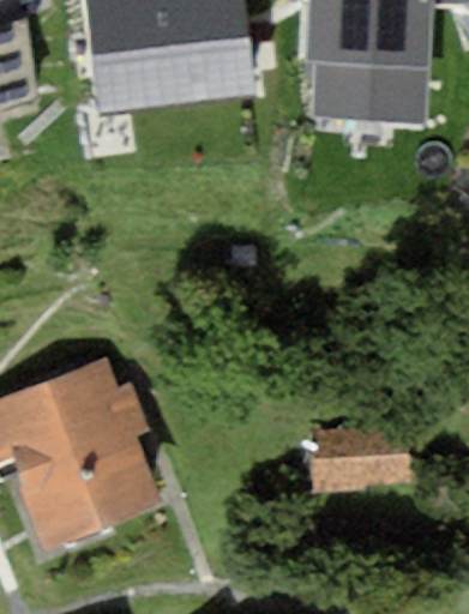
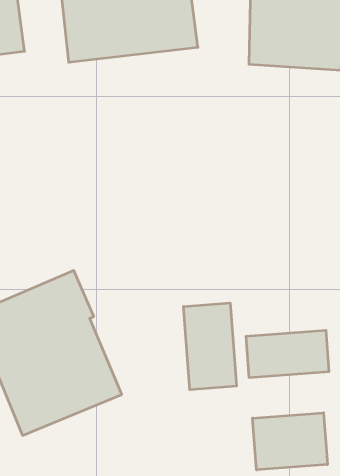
building: none -> [184,303,236,390]
building: none -> [253,413,327,470]

